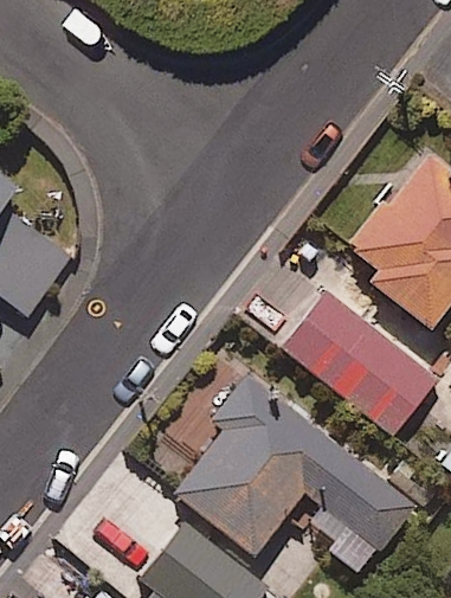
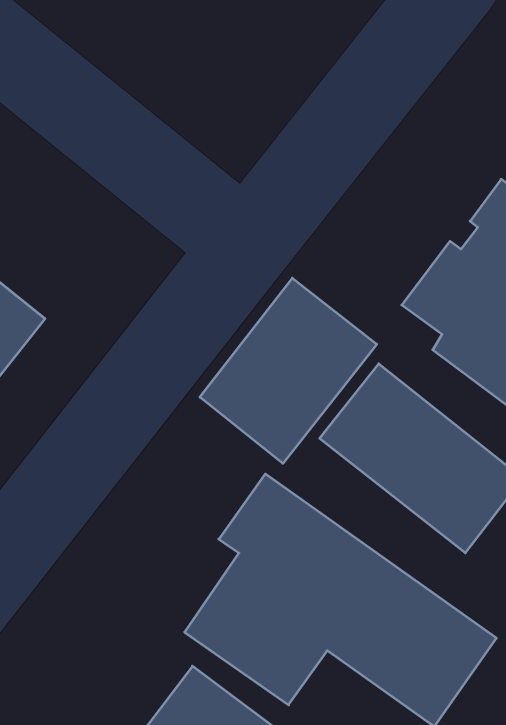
building: none -> [200,278,377,463]

